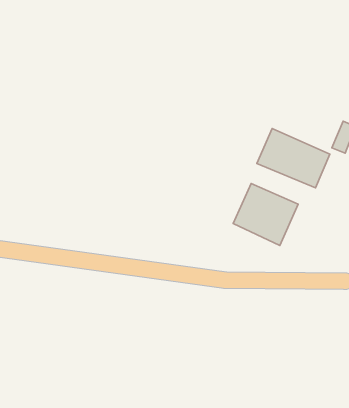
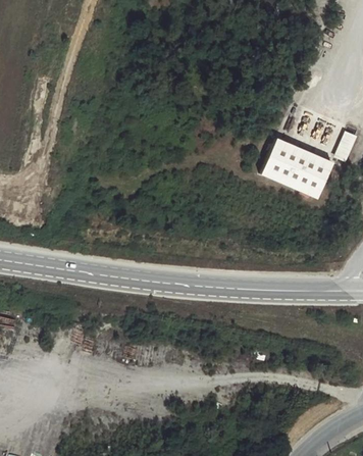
building: [233,184,298,245] -> none

